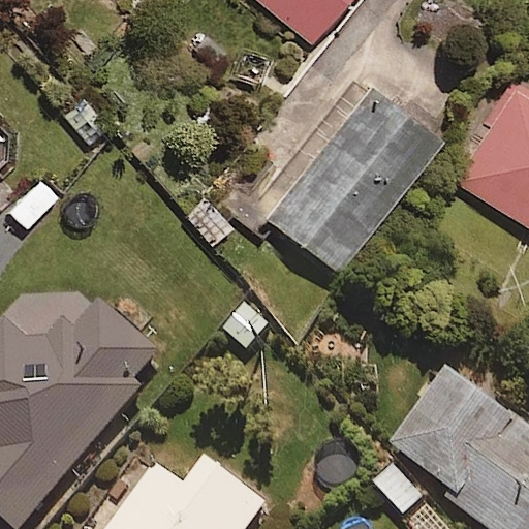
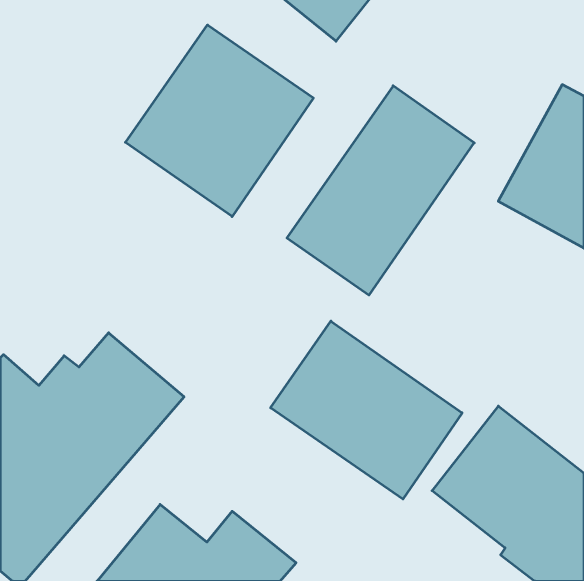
building: none -> [125,25,313,217]
building: none -> [271,321,462,499]

